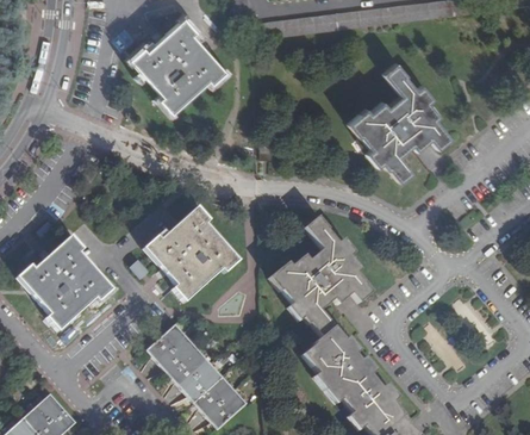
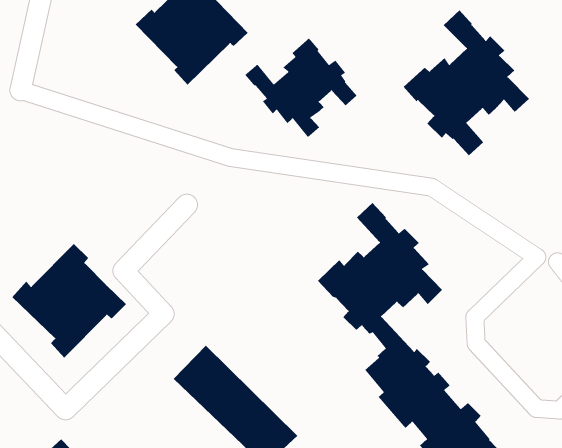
building: none -> [244,38,358,138]
building: [145,207,239,302] -> none

